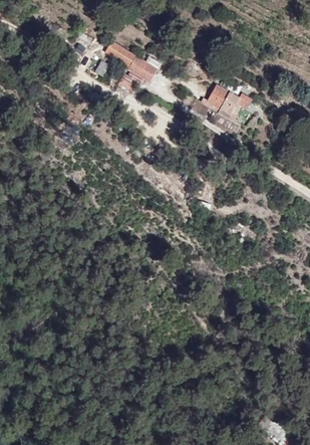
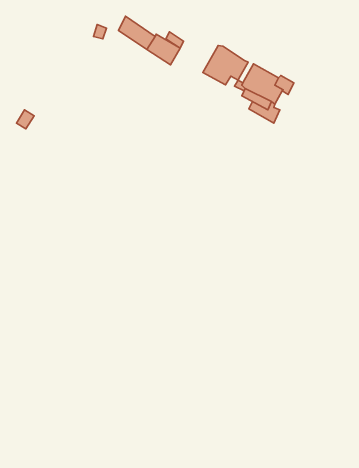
building: none -> [203,46,248,85]

